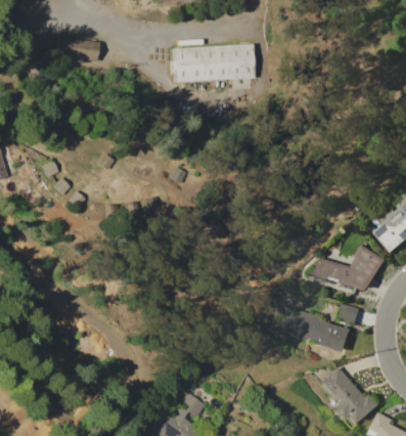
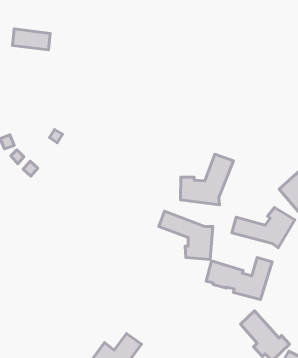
building: [173,45,255,83] -> none
building: none -> [181,154,234,205]
building: none -> [159,211,213,259]

